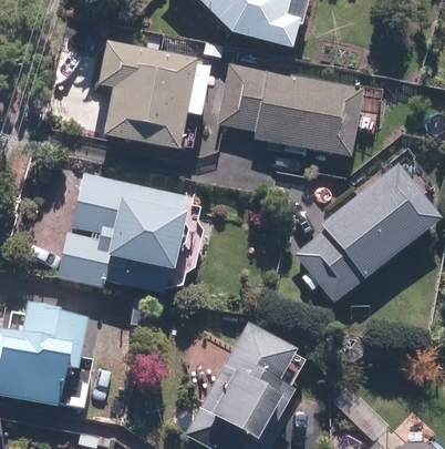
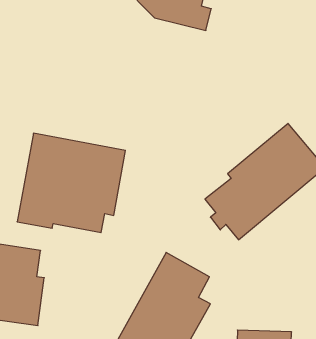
building: [100,41,211,151] -> none
building: [213,62,385,156] -> none

